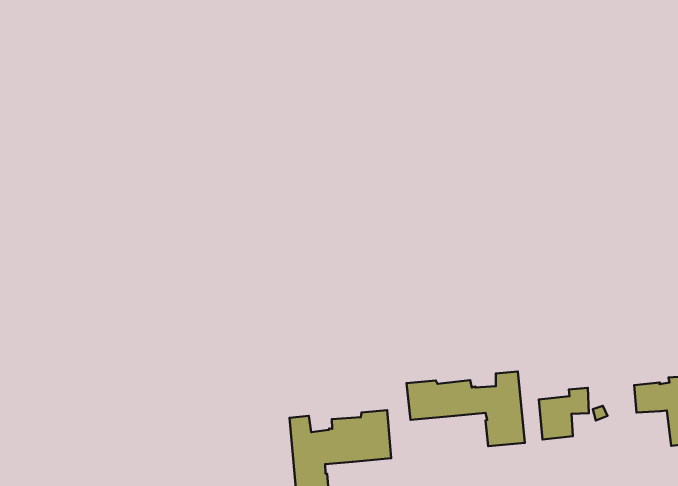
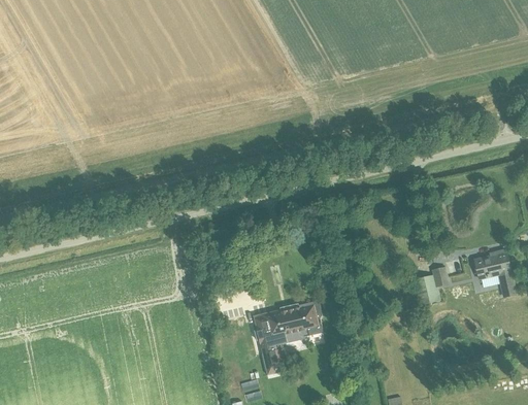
building: [406,371,525,446] -> none

